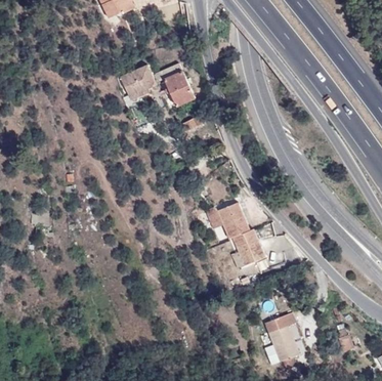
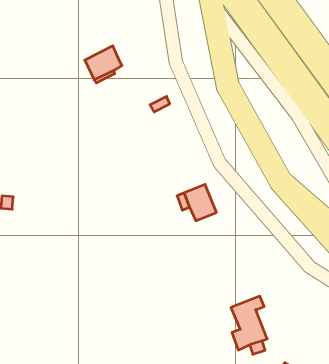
building: [152,64,195,107] -> none
building: [231,228,264,265] -> none

